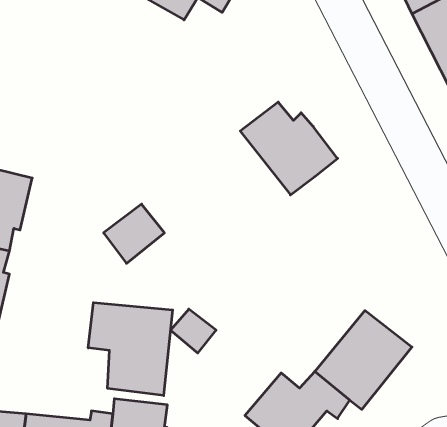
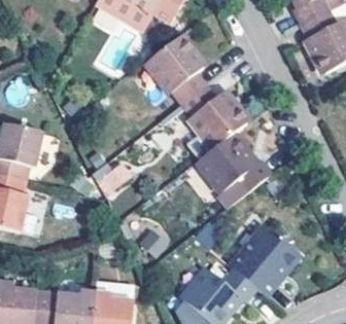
building: none -> [147,35,207,103]
building: none -> [199,134,273,201]
building: [88,303,173,396] -> none

